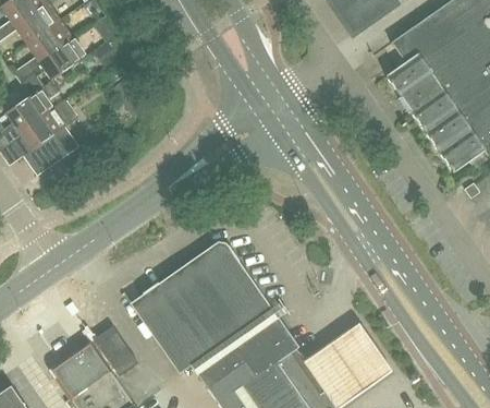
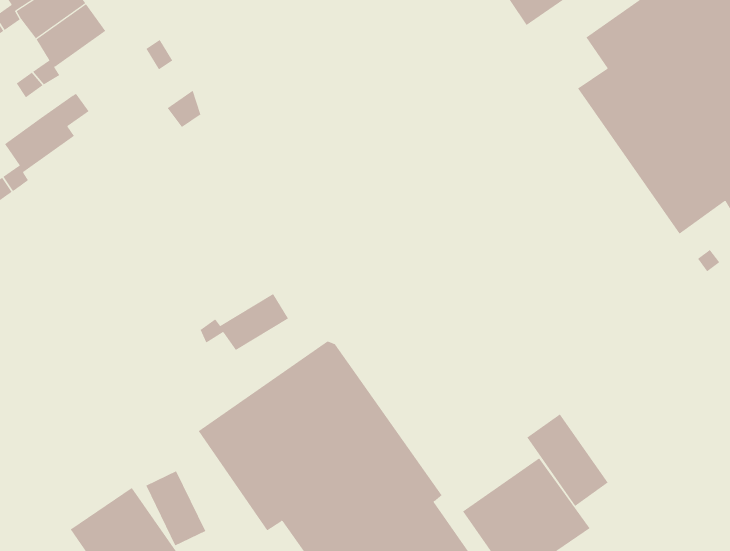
building: [39,37,86,80] -> none
building: [14,98,78,169] -> none
building: none -> [200,293,289,351]
building: none -> [526,413,608,507]

